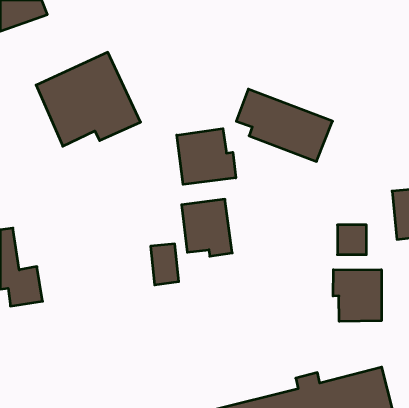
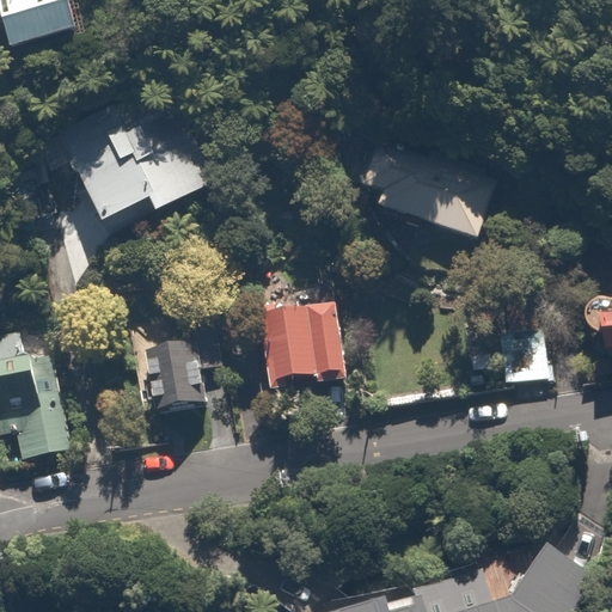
building: [177,129,236,184] -> none
building: [151,244,179,285] -> [163,342,204,403]
building: [333,270,381,321] -> none

